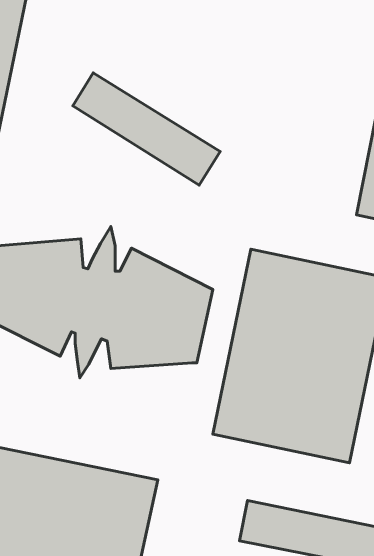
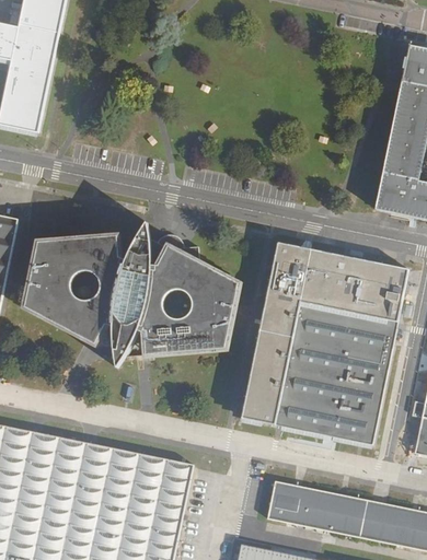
building: [73,73,220,185] -> none

